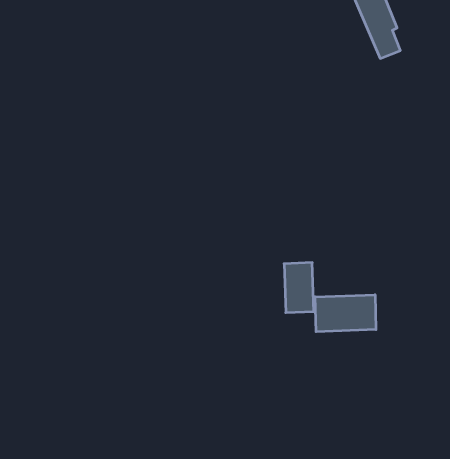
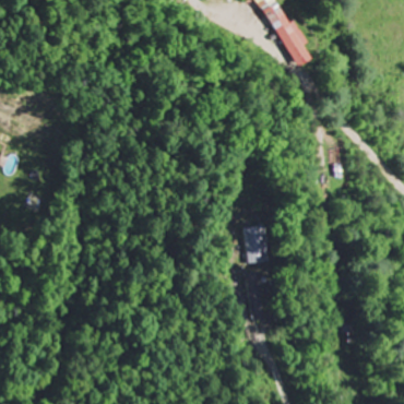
building: [315,295,376,332] -> none

